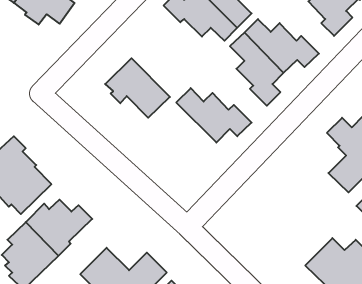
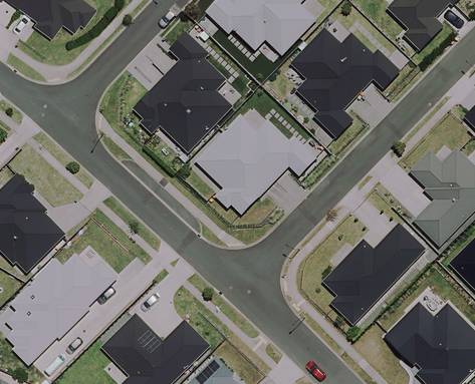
building: none -> [164,32,232,125]
building: none -> [195,132,272,214]
building: none -> [323,223,425,324]

